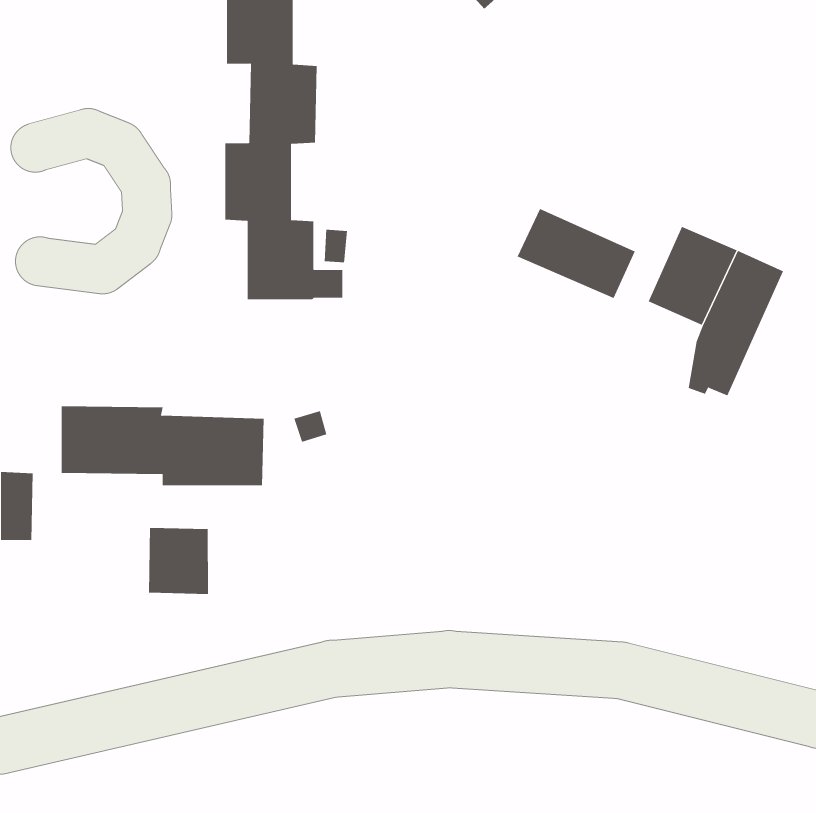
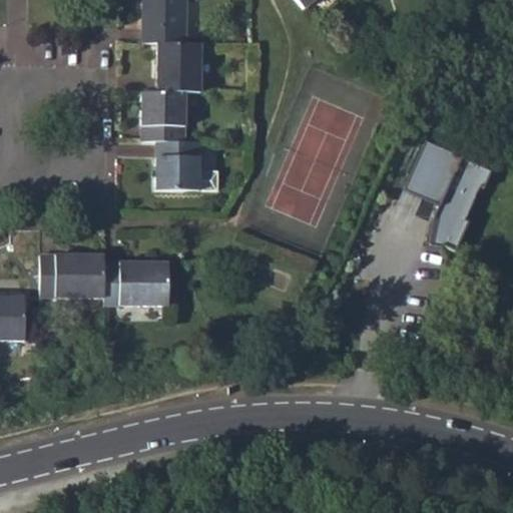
building: [517,208,635,299] -> none
building: [148,527,209,595] -> none

